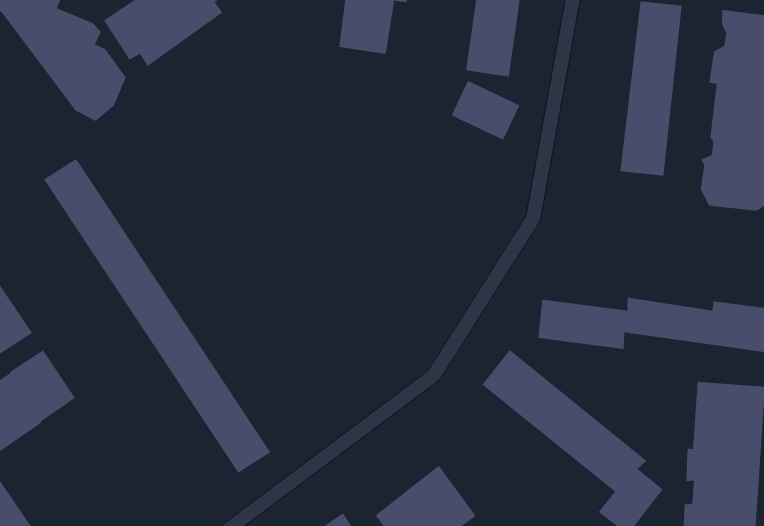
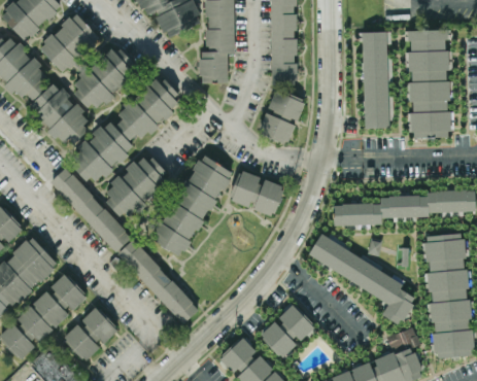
building: none -> [68,75,183,184]
building: none -> [258,112,296,145]
building: none -> [101,152,169,218]
building: none -> [154,153,233,257]
building: none -> [229,170,284,216]
building: none -> [63,307,118,361]

